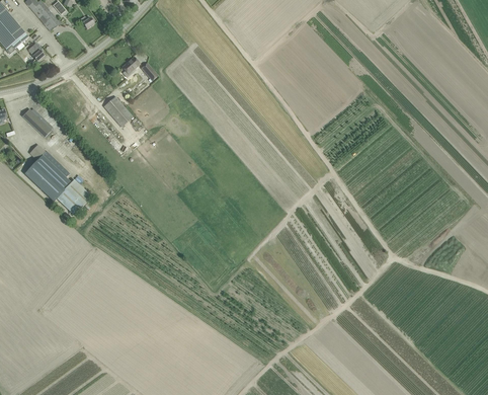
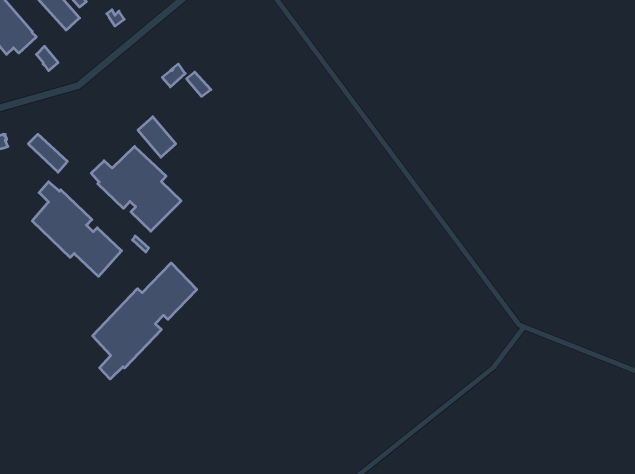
building: none -> [91,146,181,231]
building: none -> [93,263,197,379]

